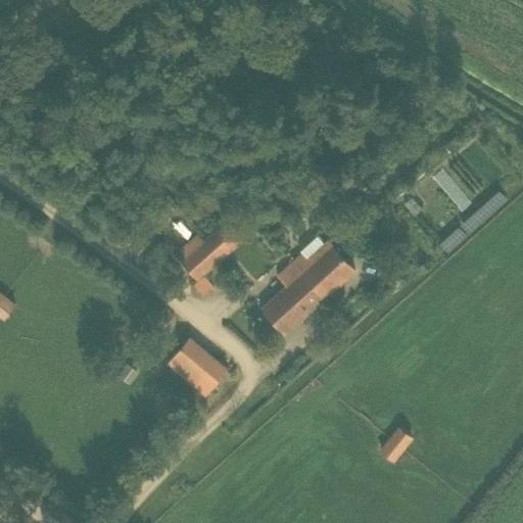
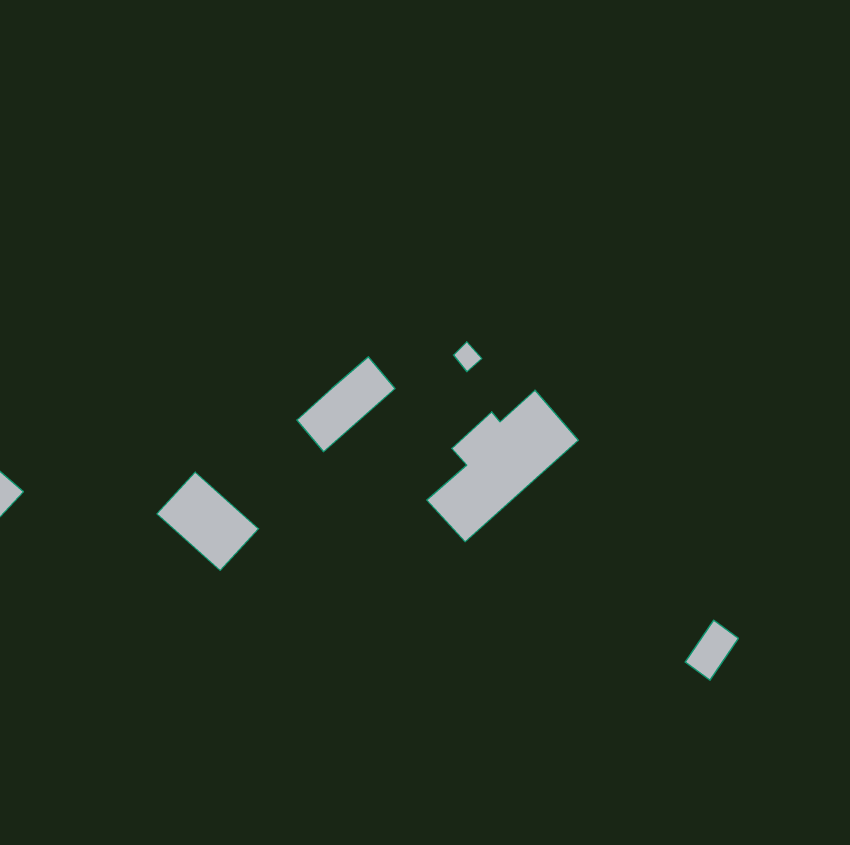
building: [163,336,226,396] -> [157,472,259,570]
building: [377,427,410,464] -> [685,620,738,680]

